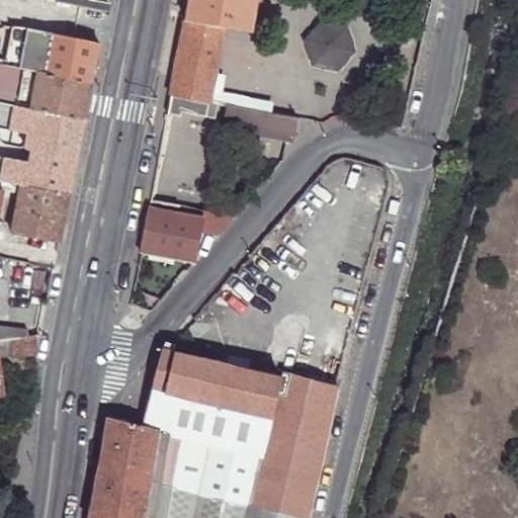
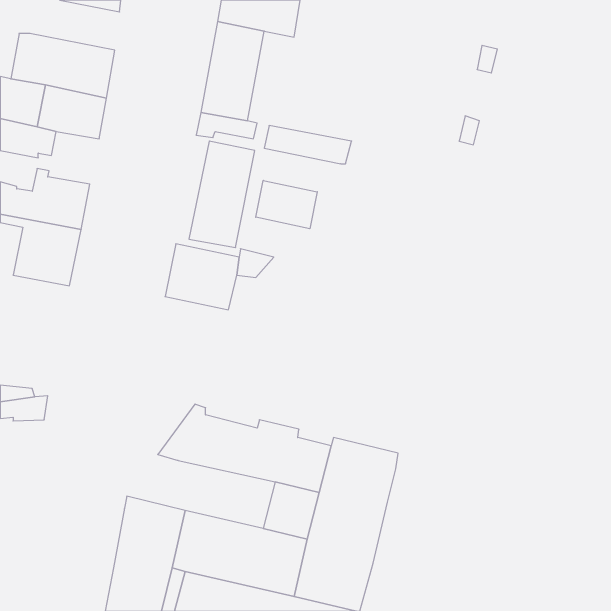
building: [303,19,355,70] -> none
building: [40,111,84,156] -> none
building: none -> [256,180,317,229]
building: [141,390,233,447] -> none

